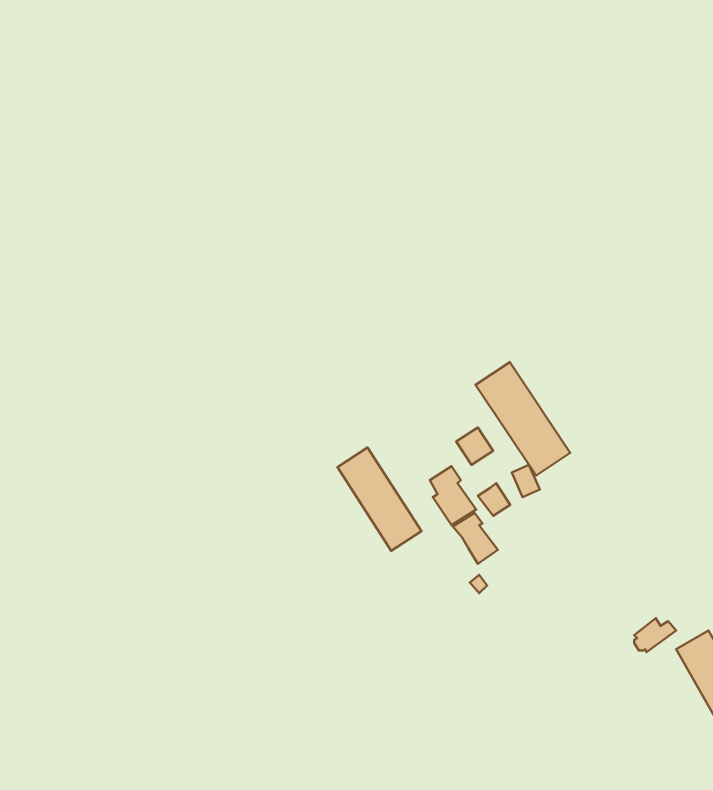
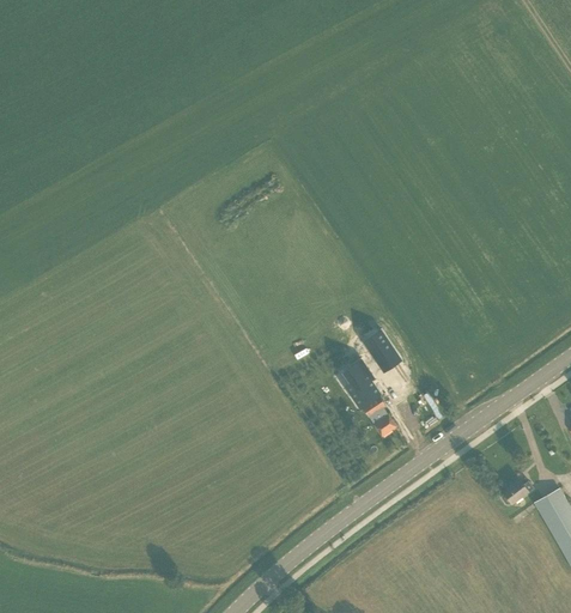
building: [476,362,570,475] -> none
building: [337,448,421,551] -> none

